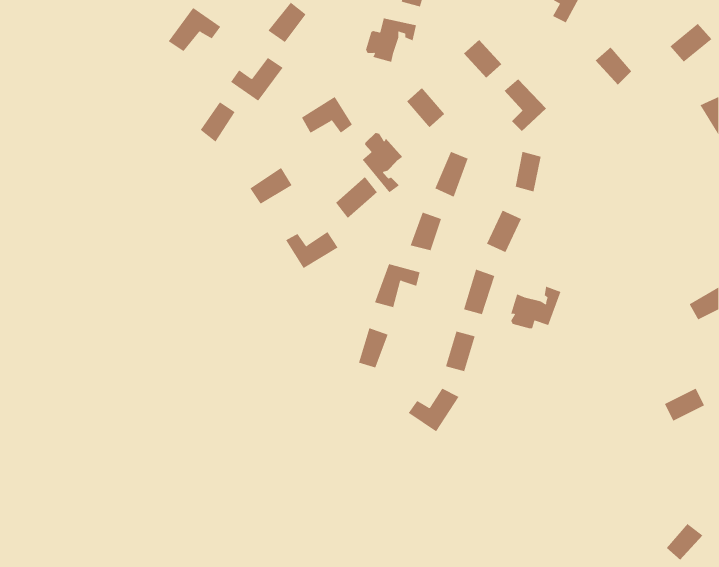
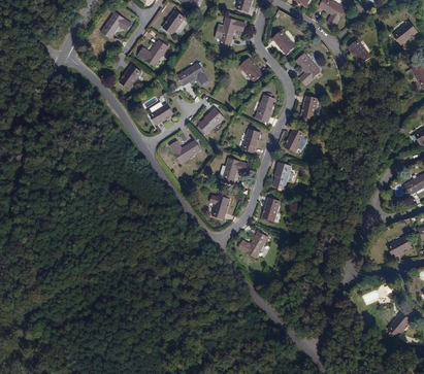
building: [362,132,403,193] -> none
building: [510,286,561,329] -> none

